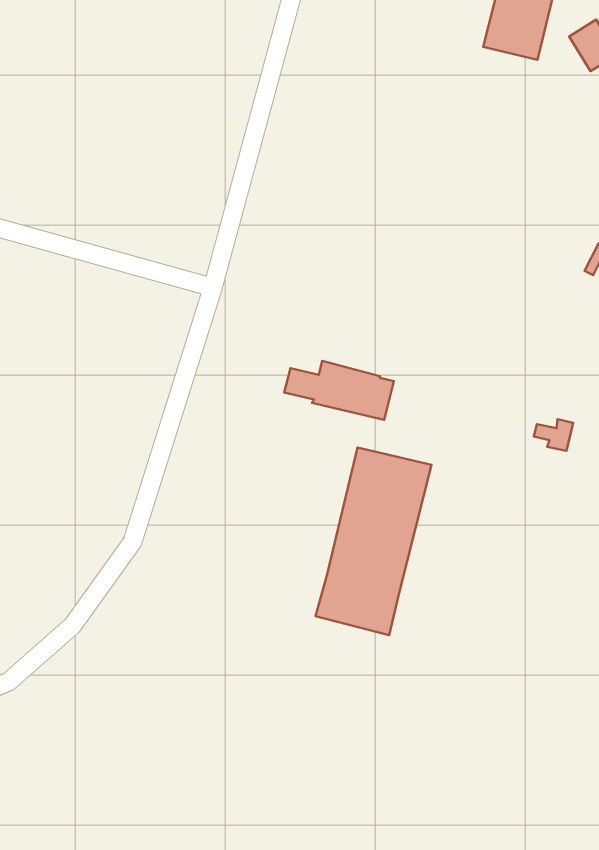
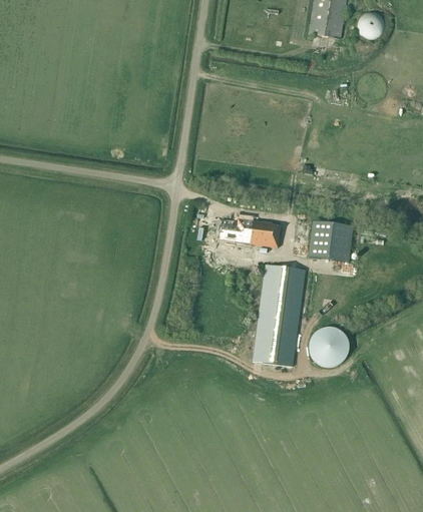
building: none -> [308,219,352,261]
building: none -> [313,336,346,367]

